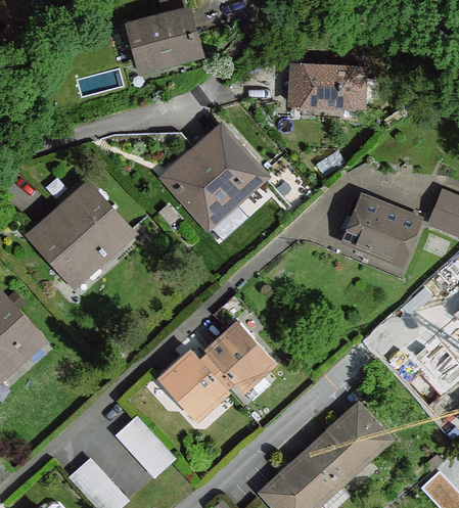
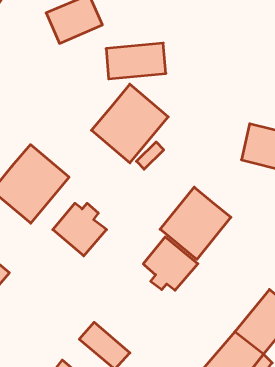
building: [289,65,363,106] -> [106,43,166,79]
building: none -> [160,187,231,259]
building: [159,351,226,417] -> [53,203,107,256]

